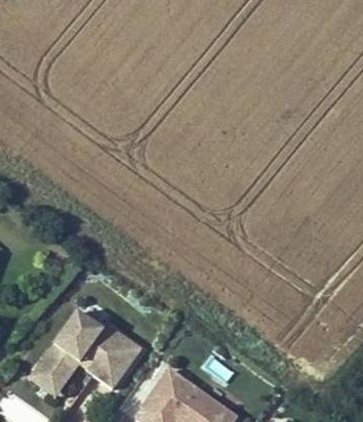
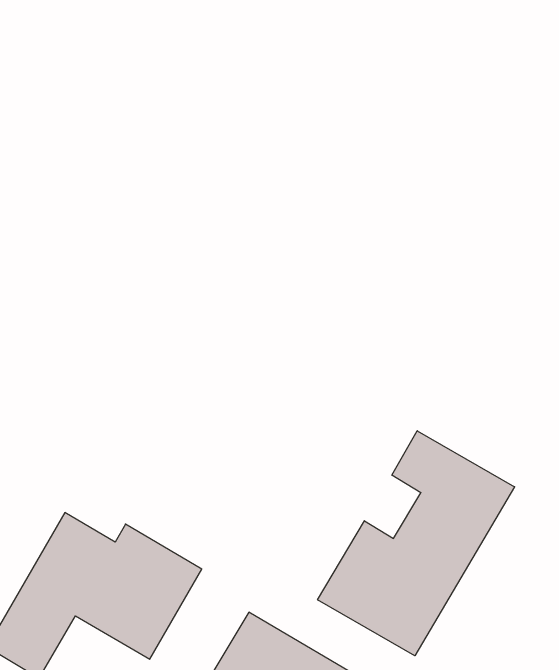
building: none -> [318,431,515,656]

